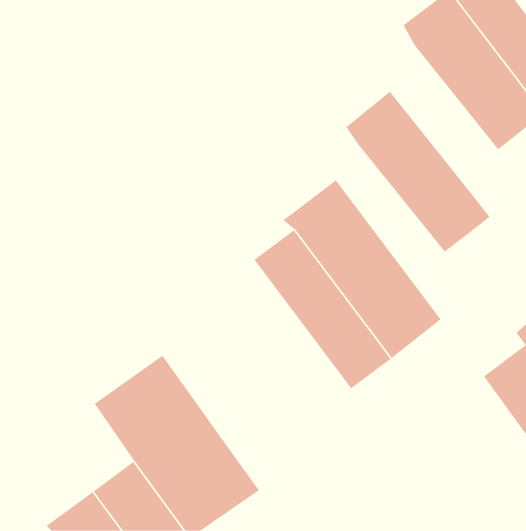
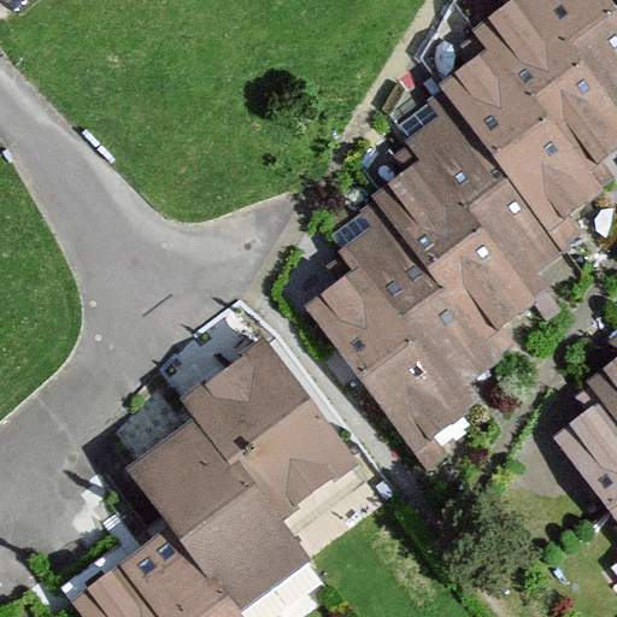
building: none -> [443,53,595,222]
building: none -> [383,168,540,345]
building: none -> [181,333,358,523]

